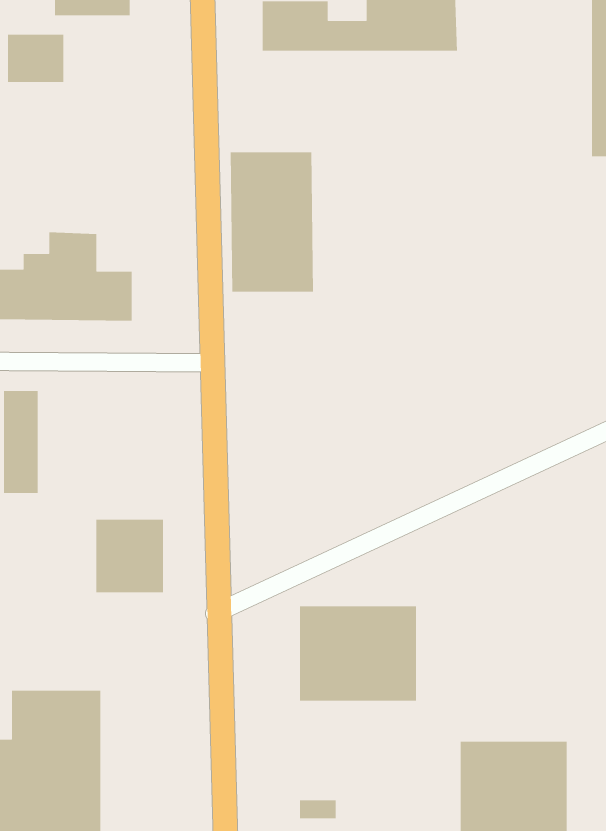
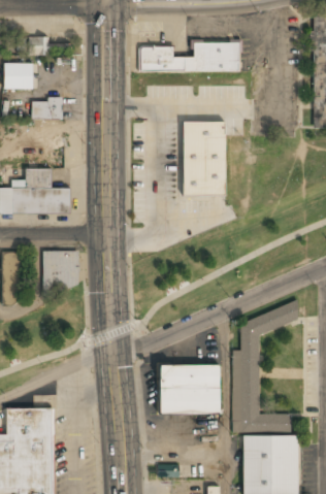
building: none -> [32,98,63,120]
building: [230,152,314,293] -> [178,122,223,196]
building: none -> [232,302,299,432]
building: [95,519,164,593] -> [42,251,78,290]

